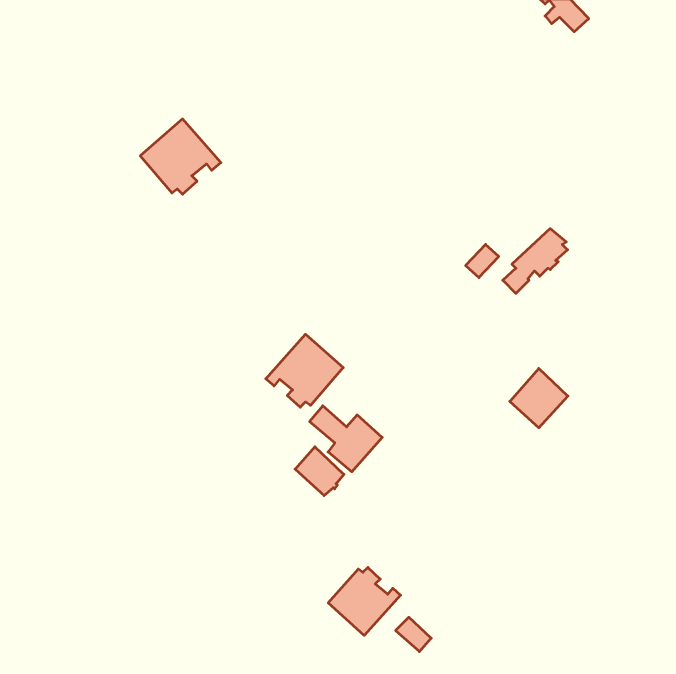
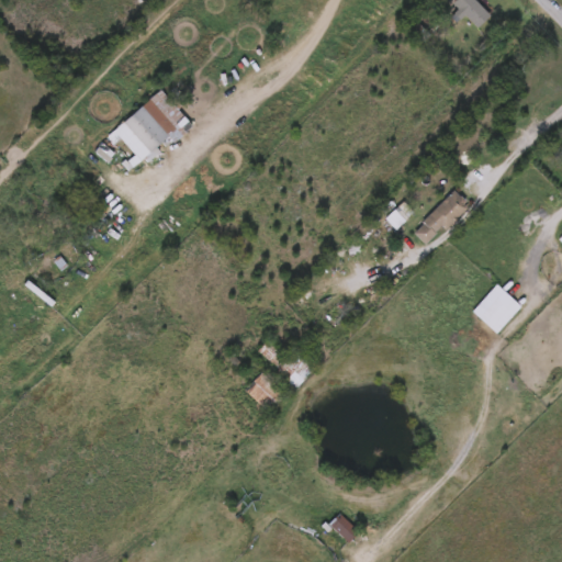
building: [266,334,343,407] -> none
building: [510,368,568,428] -> [471,283,519,333]
building: [328,567,401,635] -> none

